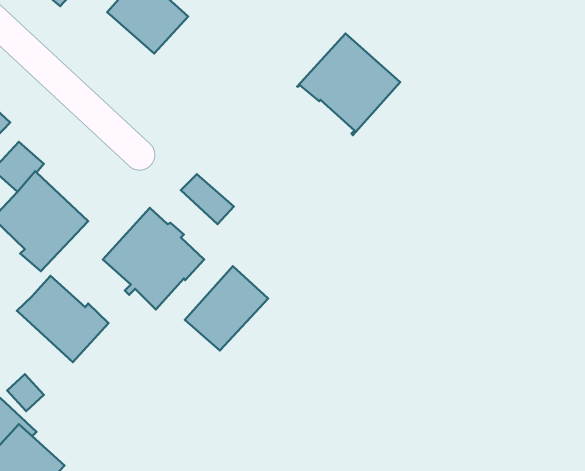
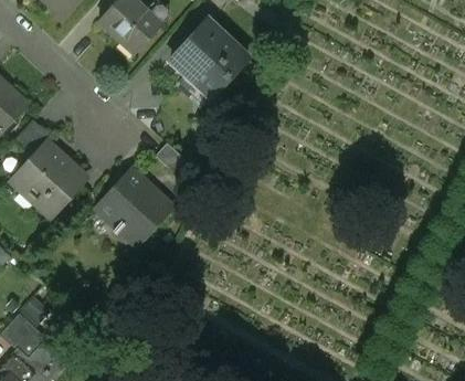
building: [297,33,400,135] -> [169,21,246,97]
building: [185,266,268,350] -> none
building: [17,276,108,362] -> none

